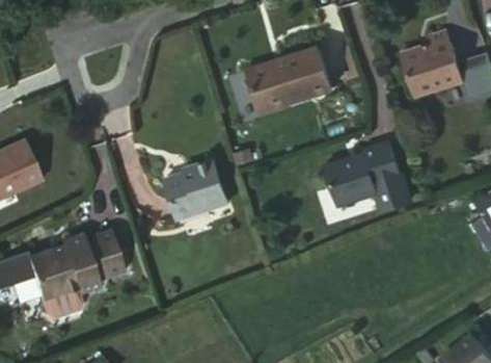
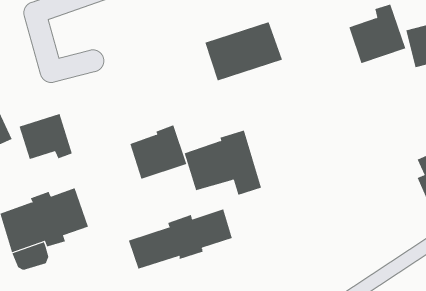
building: [323,141,407,212] -> [184,130,262,196]
building: none -> [19,113,73,160]
building: none -> [128,209,233,270]

